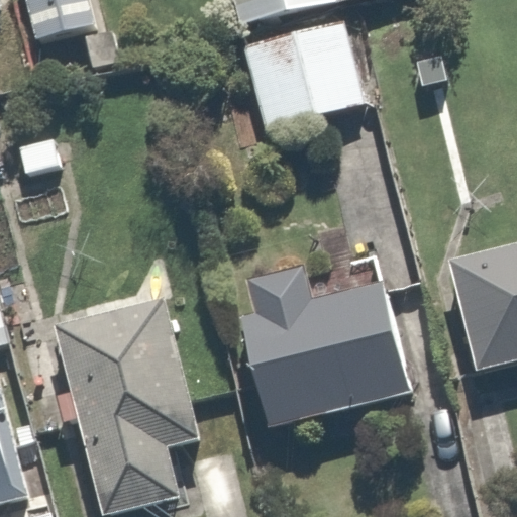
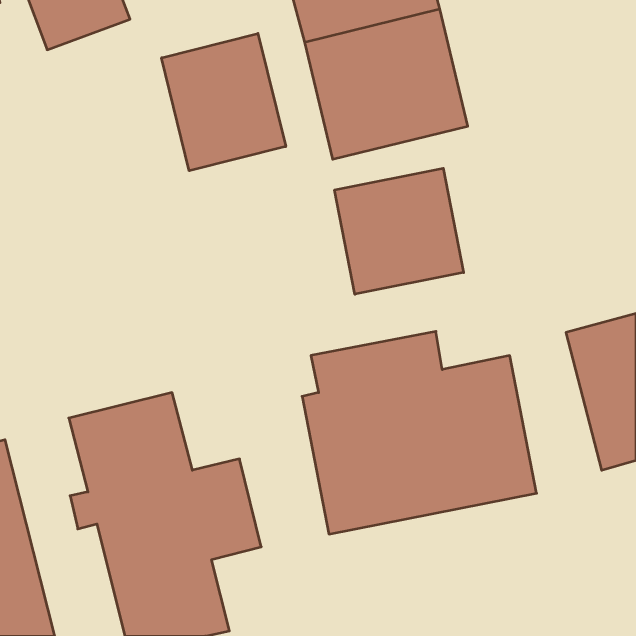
building: none -> [162,33,286,171]
building: none -> [335,168,464,294]

